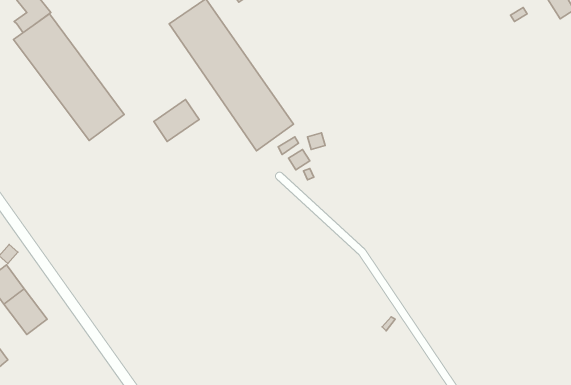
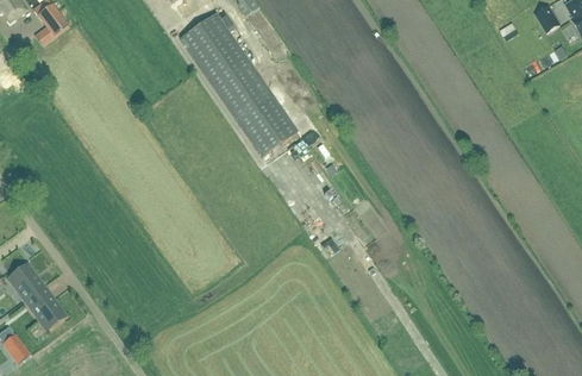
building: [13,14,124,141] -> none
building: [154,100,199,142] -> none

